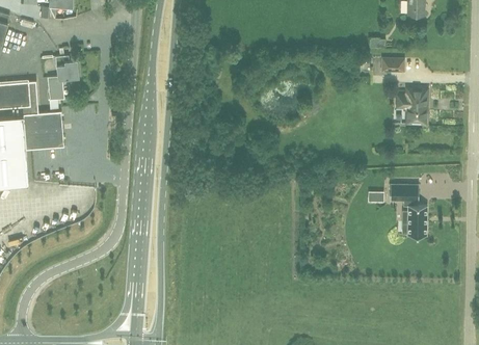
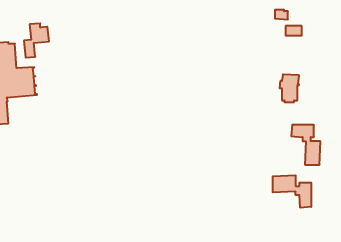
building: [402,87,427,123] -> [280,74,299,102]
building: none -> [273,175,311,208]

